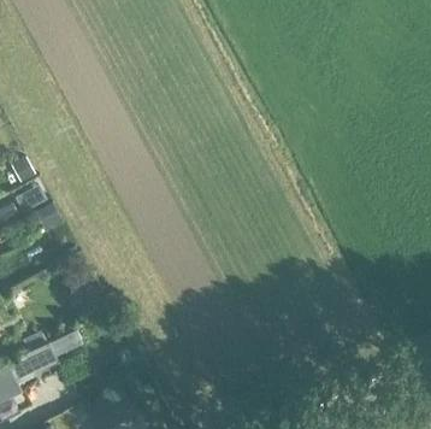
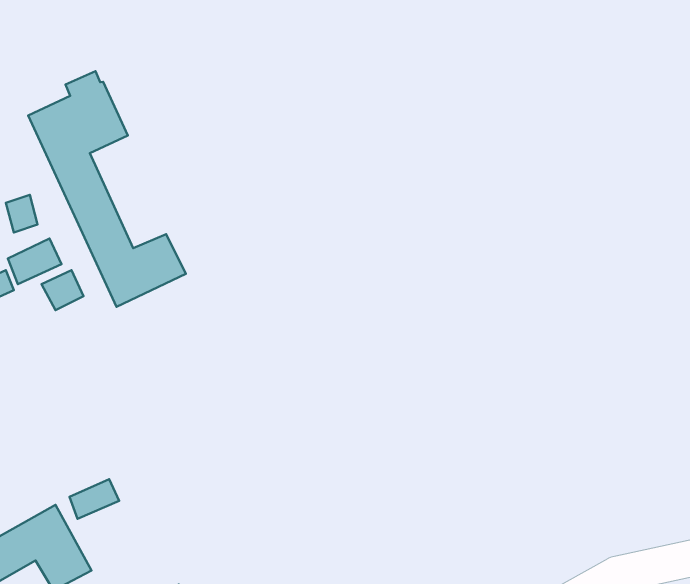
building: none -> [28,71,186,307]

